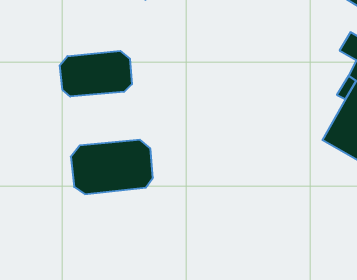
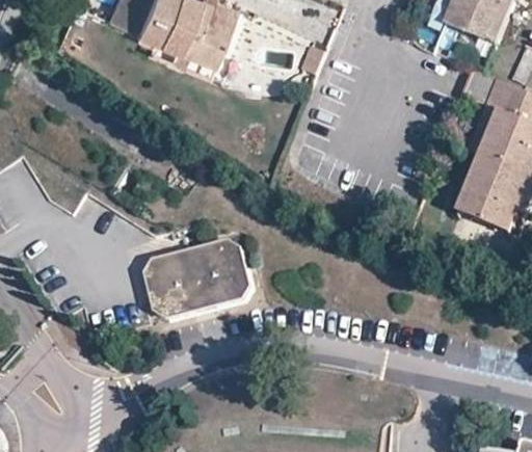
building: [60,51,132,97] -> none

